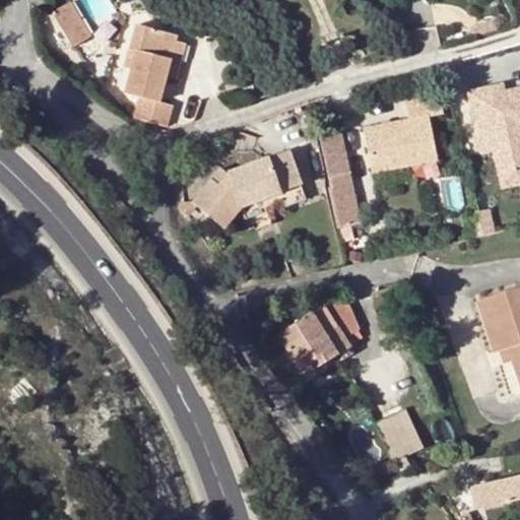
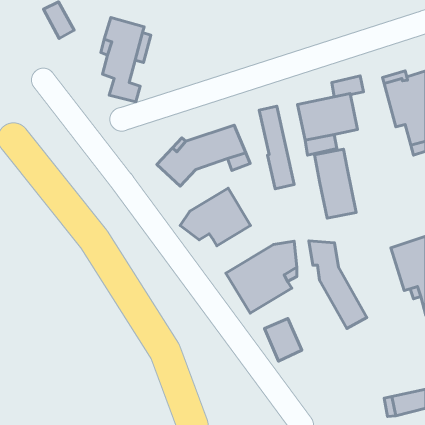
building: none -> [314,149,356,218]
building: none -> [180,188,250,246]
building: none -> [309,241,367,329]
building: [381,405,427,457] -> [264,319,302,361]

